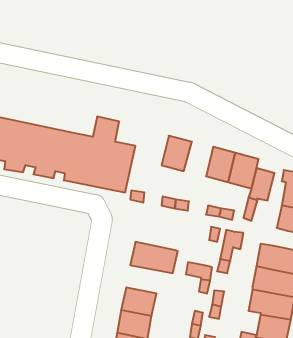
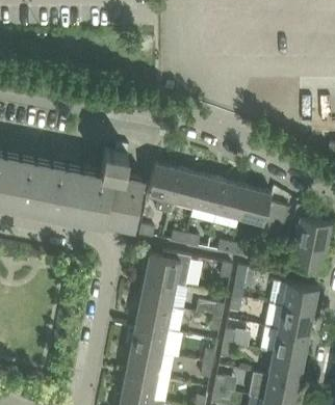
building: none -> [146,167,179,217]
building: none -> [195,180,225,215]
building: none -> [141,255,191,291]
building: none -> [135,306,183,338]

